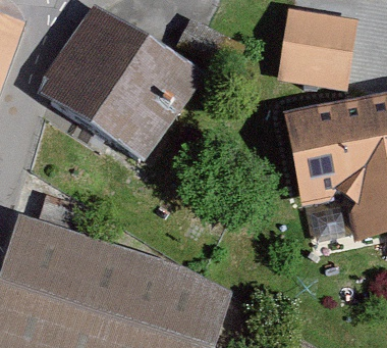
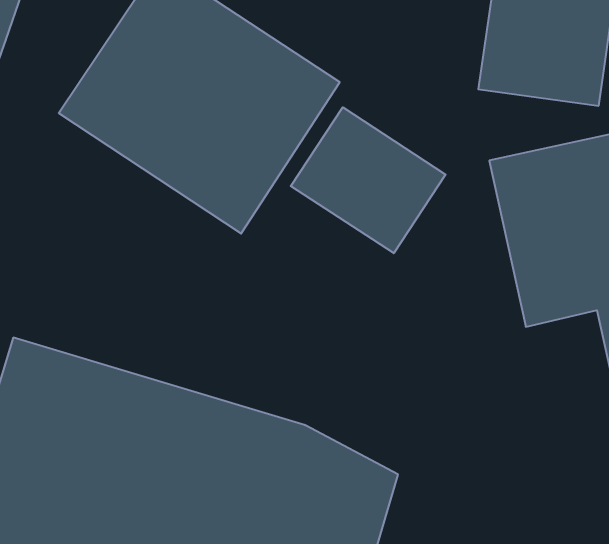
building: none -> [291,107,446,253]

